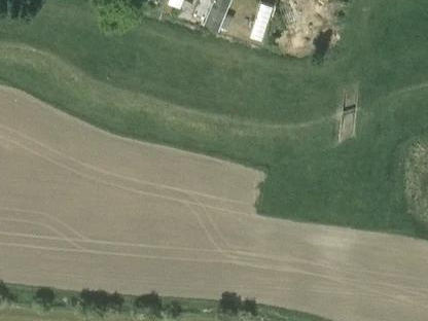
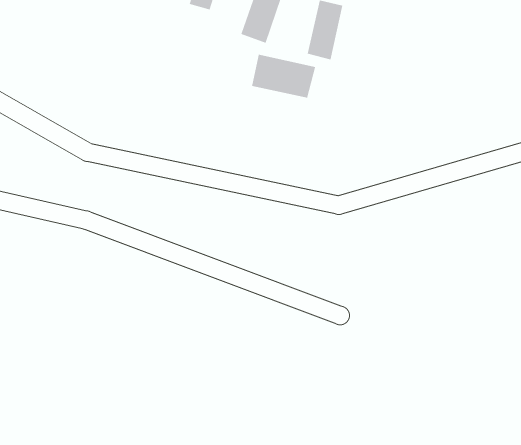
building: none -> [251,54,316,98]

